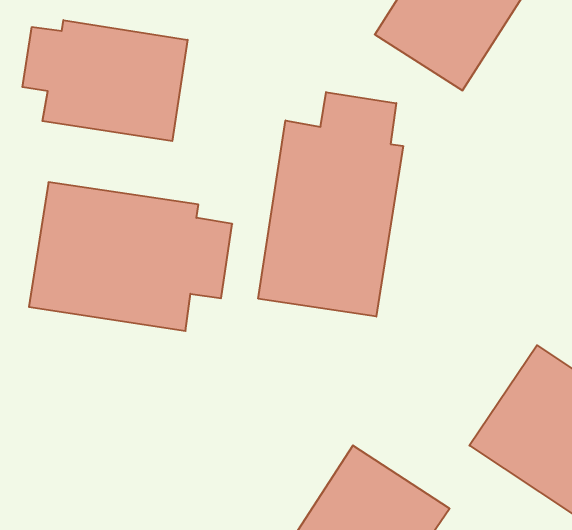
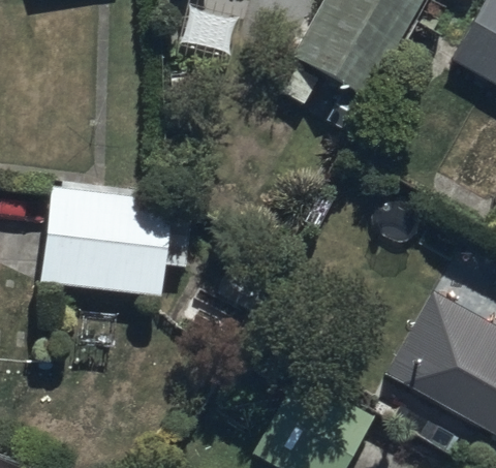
building: [22,20,188,141] -> none
building: [258,92,403,317] -> none

